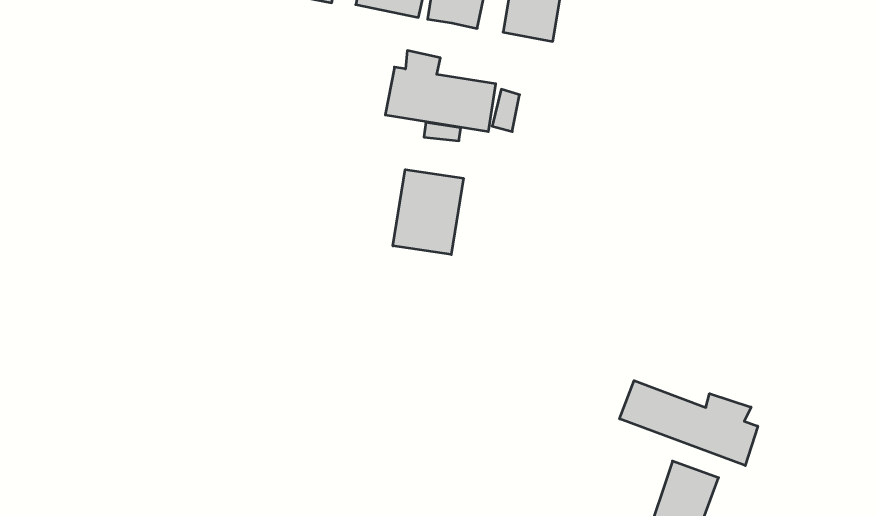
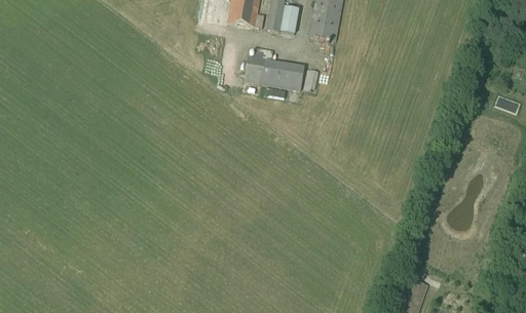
building: [393,170,463,255] -> none
building: [620,381,758,466] -> none

